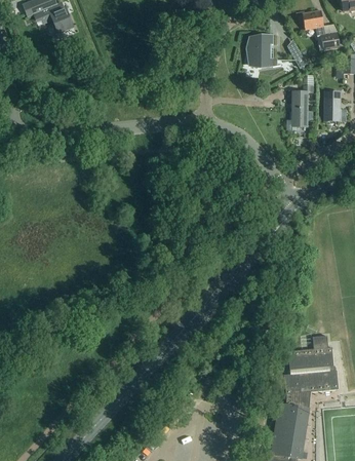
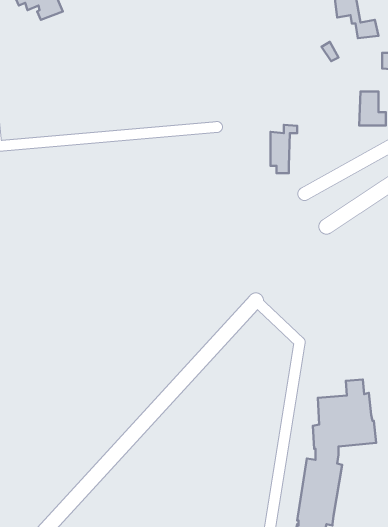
building: [249,36,277,66] -> none
building: [291,84,314,125] -> [270,125,297,173]

